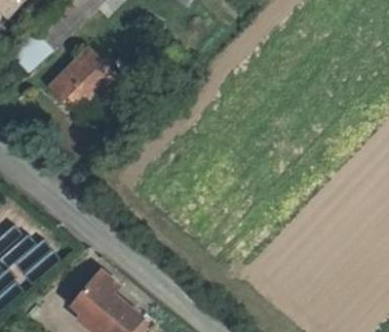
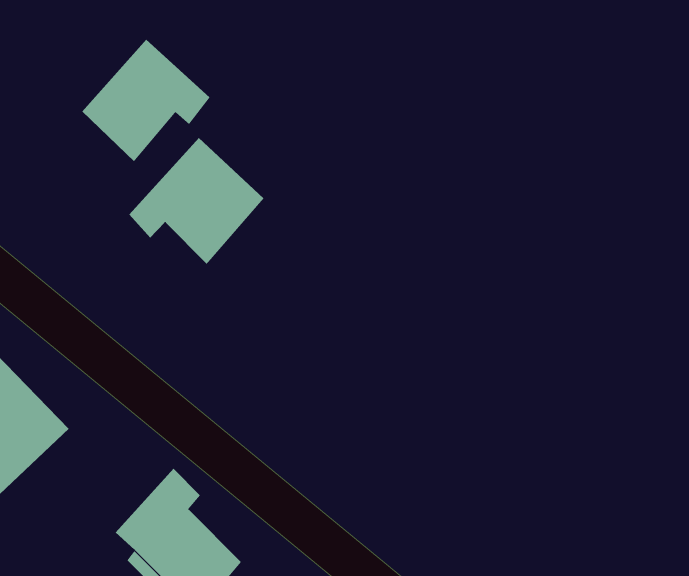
building: none -> [129,137,264,265]

